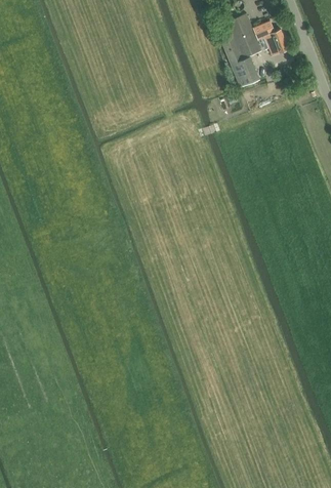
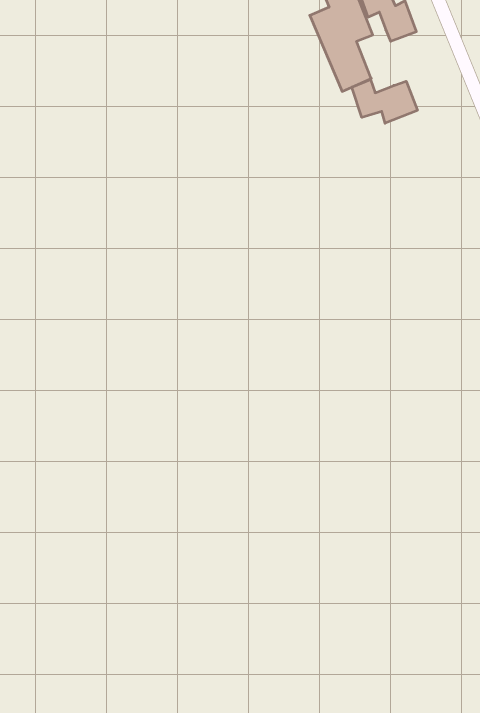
building: none -> [352,80,417,123]

